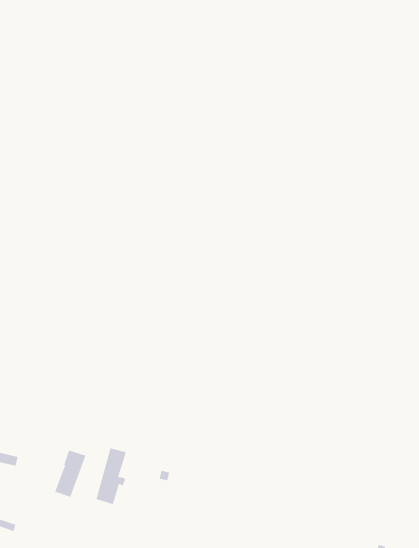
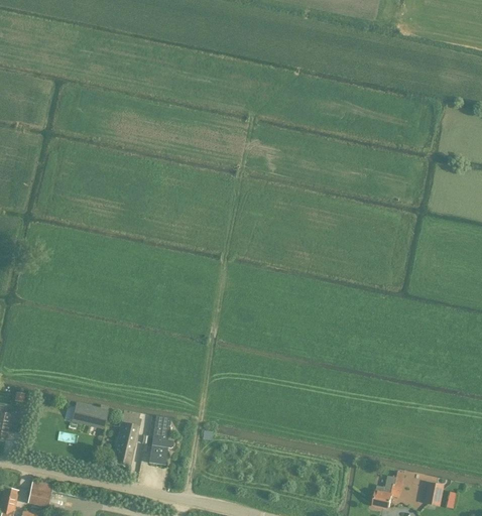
building: none -> [71,402,108,429]

